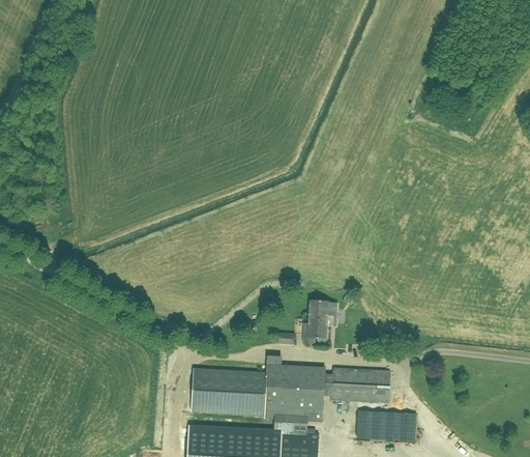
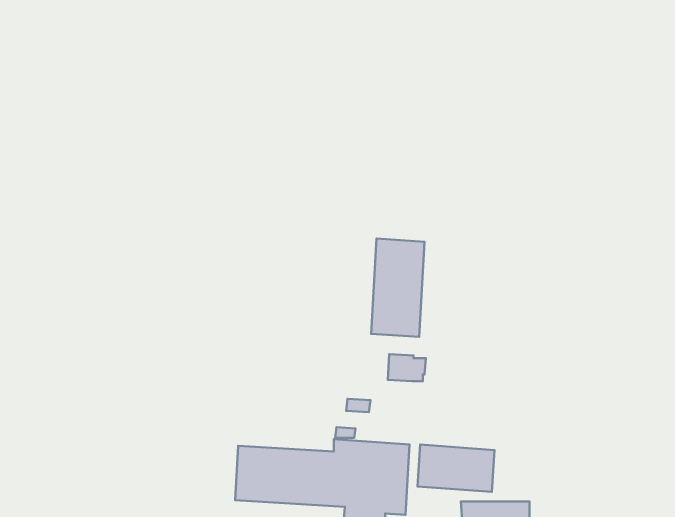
building: none -> [371,239,424,337]
building: [302,319,326,343] -> none

